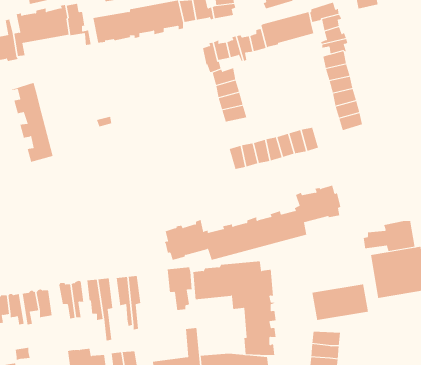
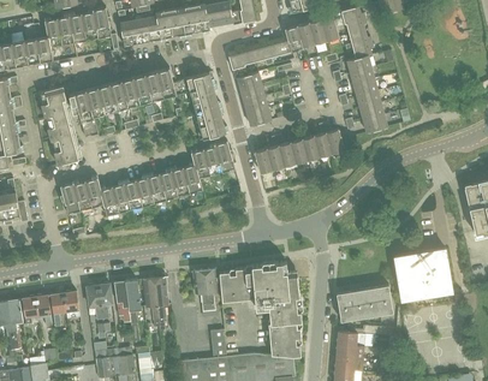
building: none -> [69,67,226,141]
building: [164,185,341,260] -> [59,142,234,216]
building: [363,220,415,252] -> none

